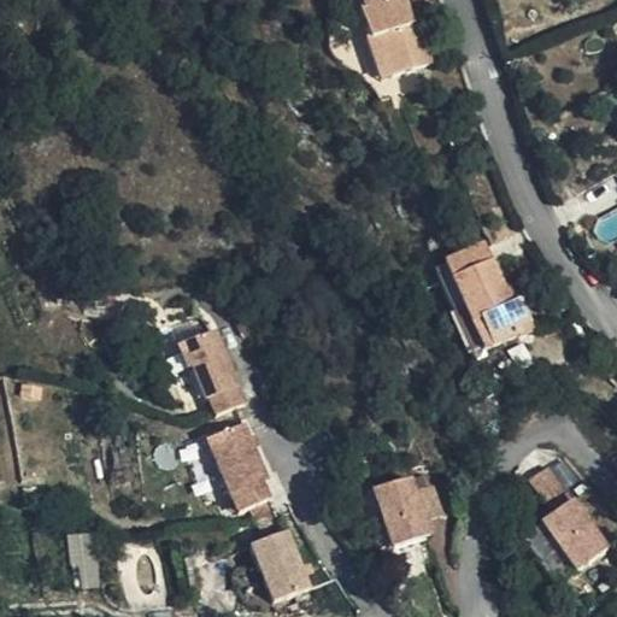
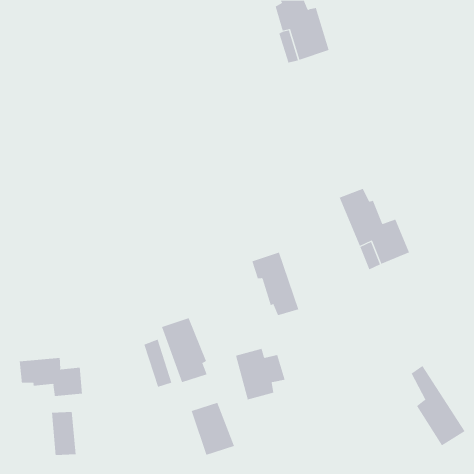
building: [187,317,248,400] -> [252,252,299,316]
building: none -> [19,357,82,397]
building: [376,476,441,543] -> [235,348,285,400]

